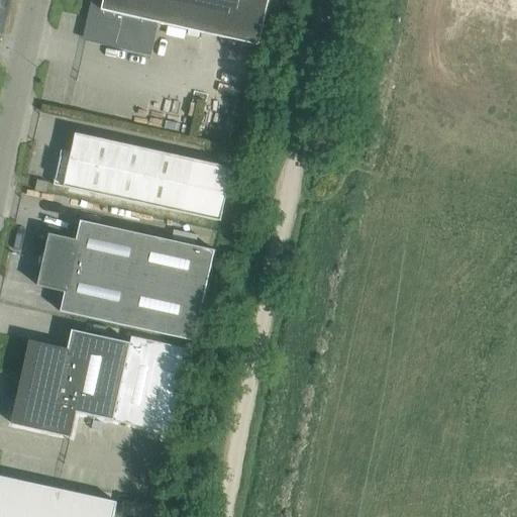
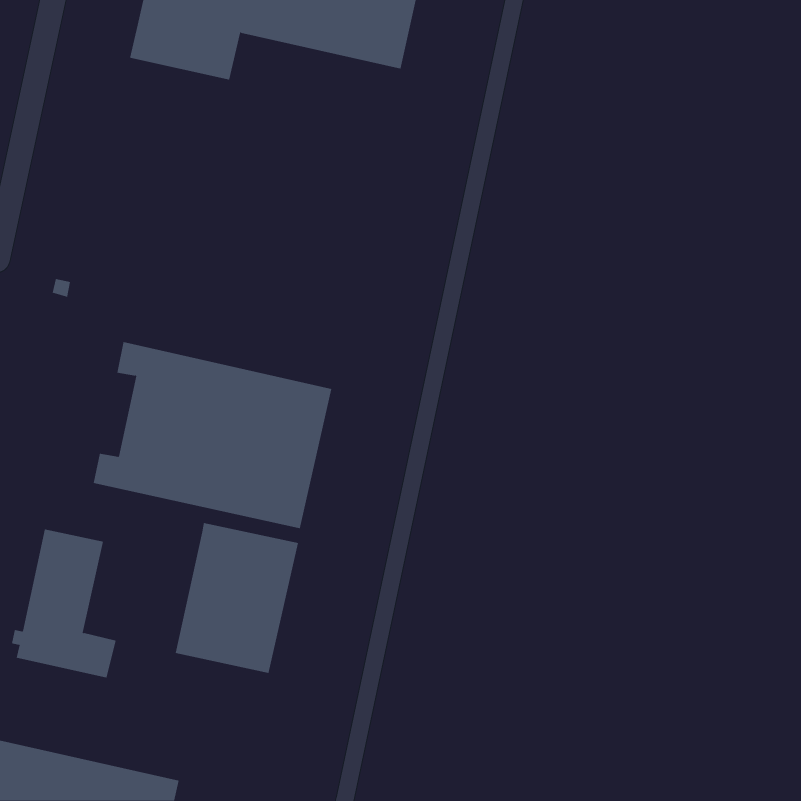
building: [53,132,231,220] -> none
building: [37,233,87,293] -> none
building: [54,329,129,419] -> none

